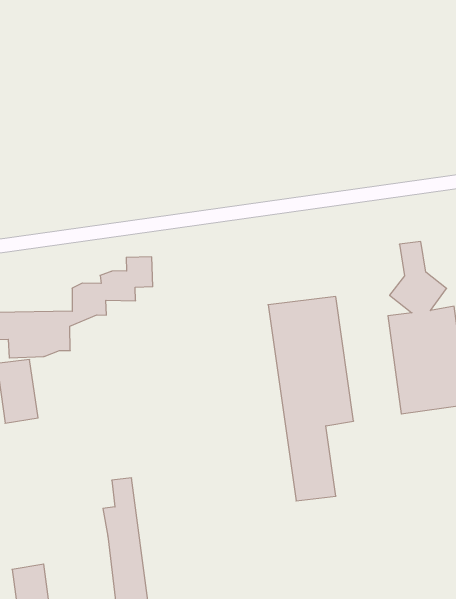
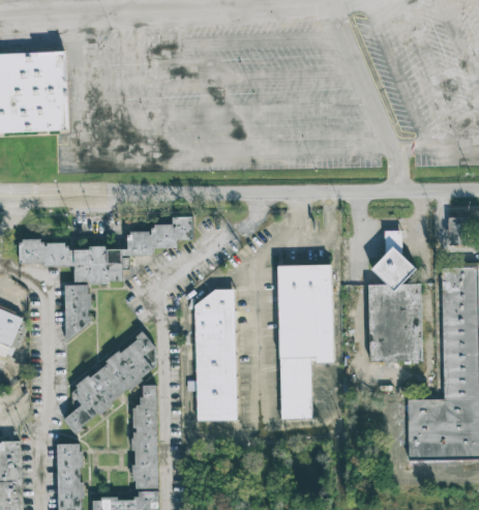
building: none -> [194,289,236,421]
building: none -> [63,336,163,431]

